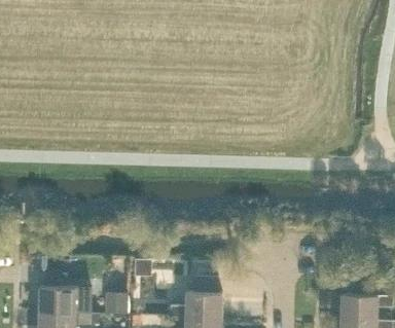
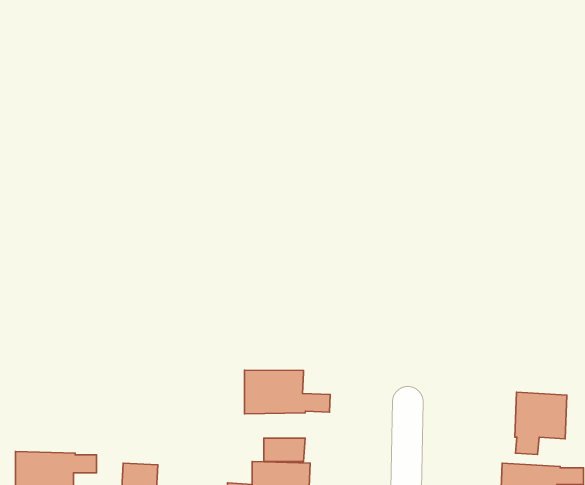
building: none -> [245,370,330,414]
building: none -> [515,392,567,455]

